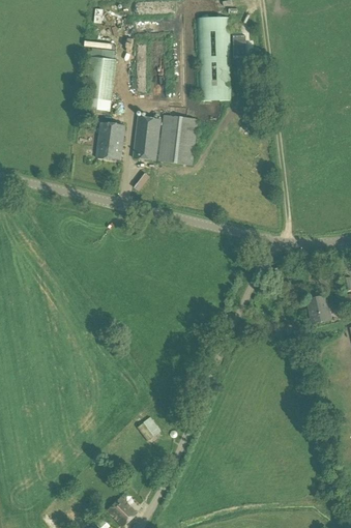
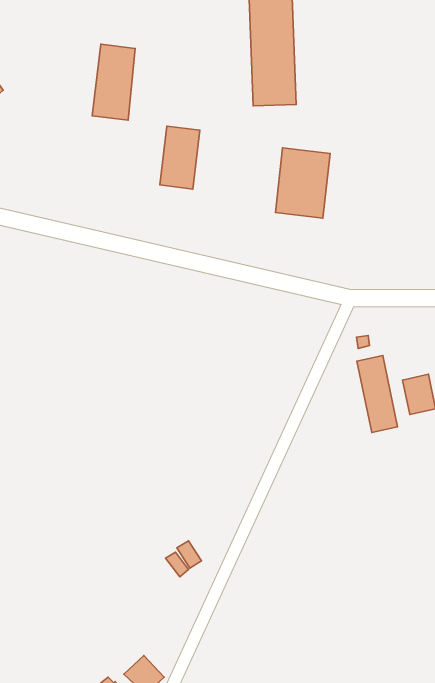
building: [157,114,197,165] -> [275,148,330,218]
building: [94,122,124,159] -> none
building: none -> [357,356,398,432]

